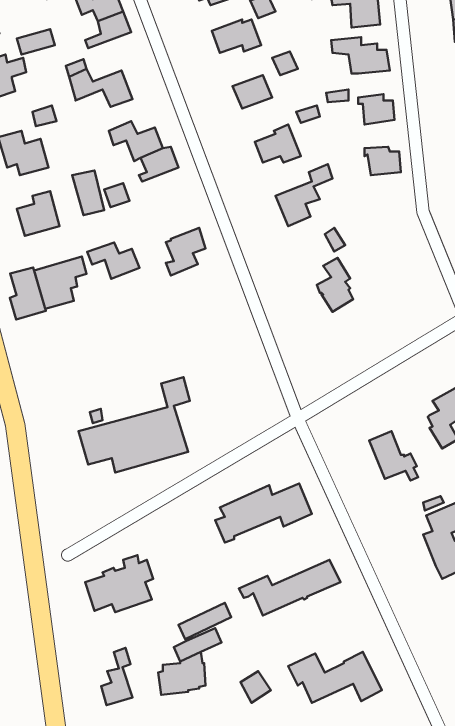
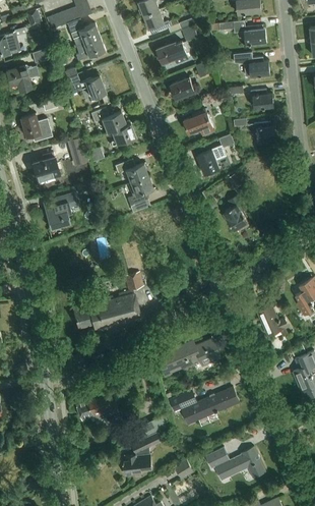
building: [87,242,140,279] -> [115,159,148,182]
building: [10,268,46,320] -> none
building: [101,648,132,705] -> none

